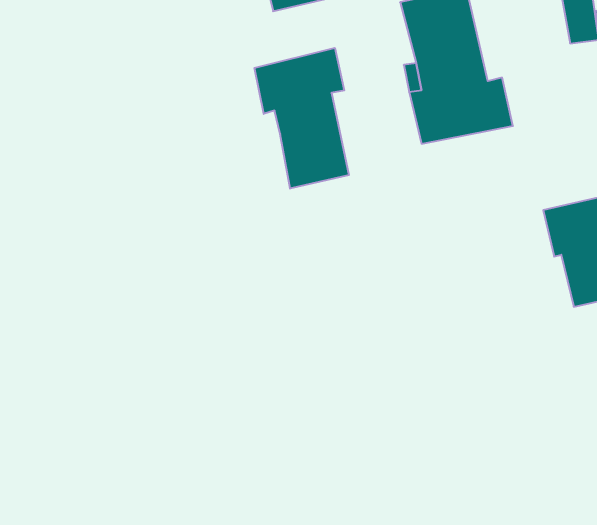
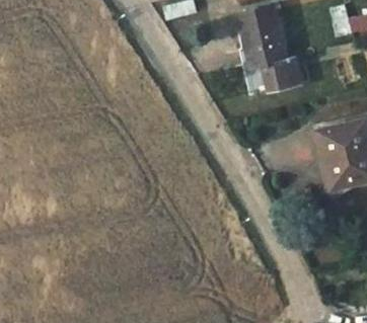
building: [254,48,349,189] -> none

